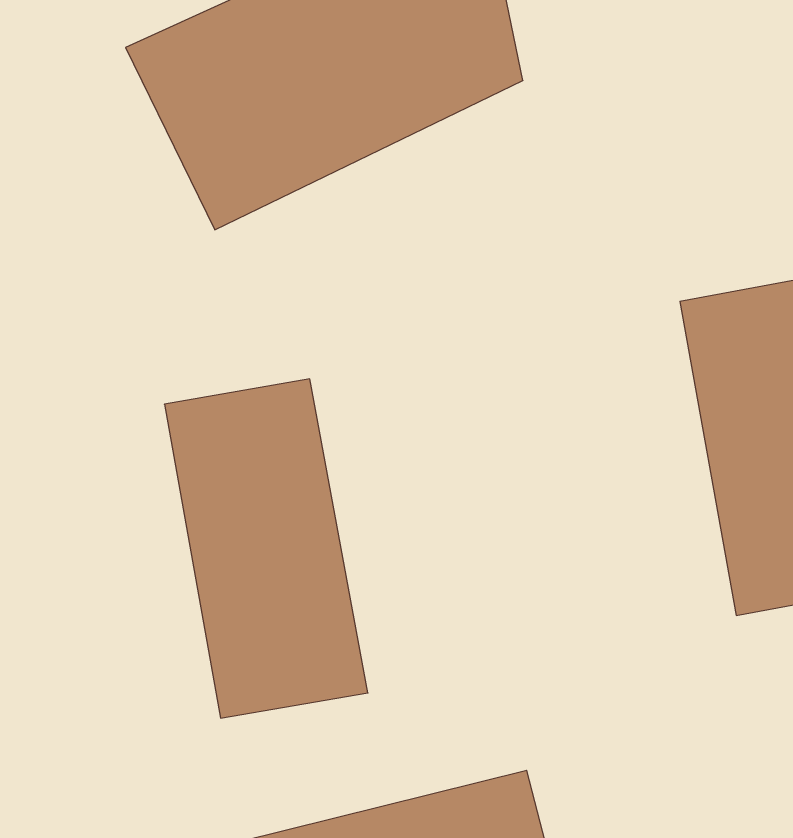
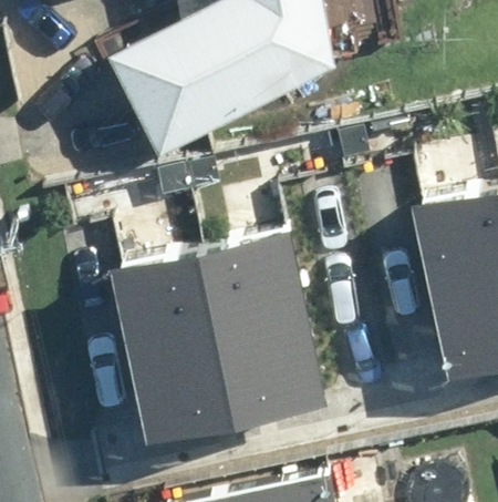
building: none -> [207,215,328,410]

